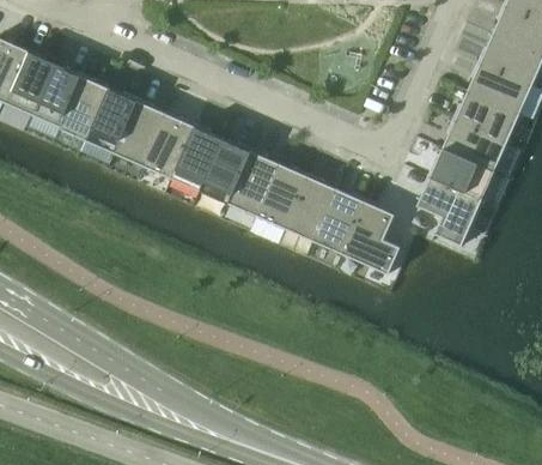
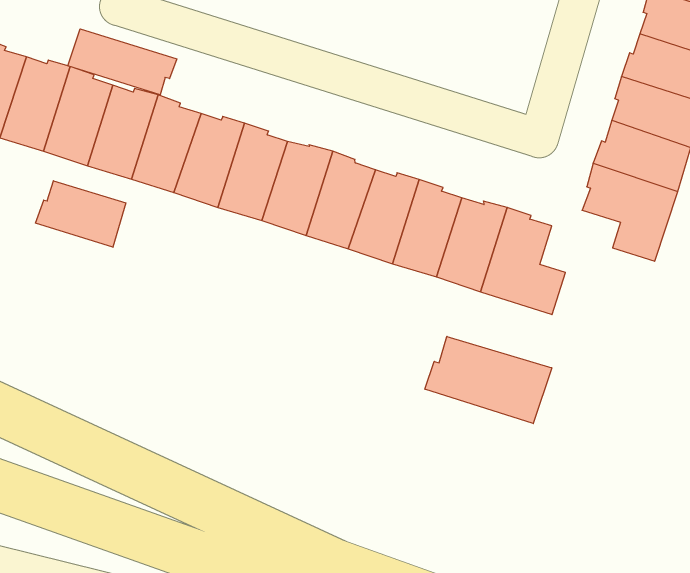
building: none -> [68,29,177,95]
building: none -> [36,181,126,247]
building: none -> [425,336,552,424]

